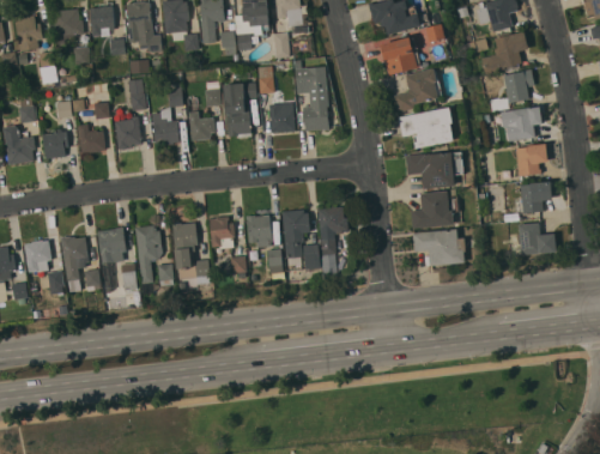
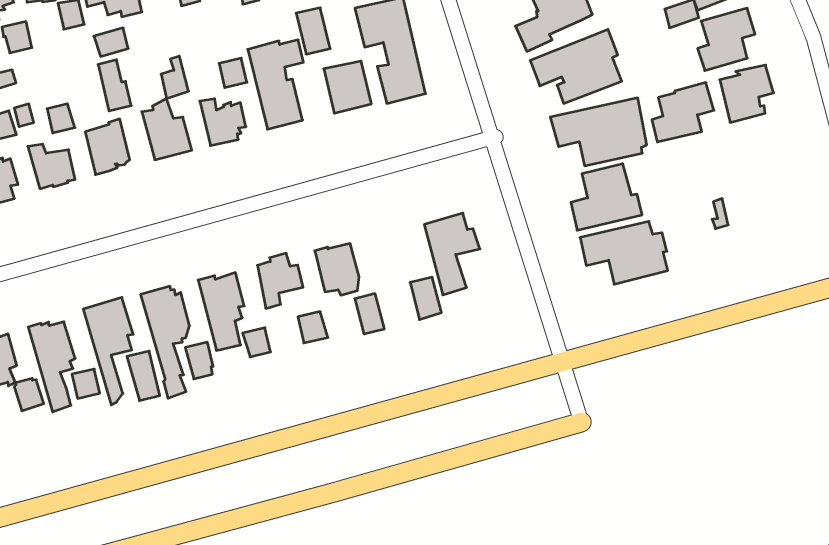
building: [513,181,552,213] -> [652,83,714,142]
building: [281,210,310,259] -> none
building: [517,223,556,254] -> none

